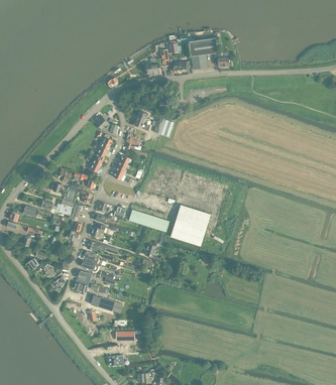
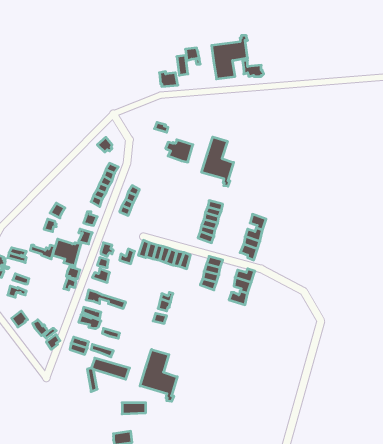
building: none -> [202,137,234,186]
building: none -> [140,349,177,401]

